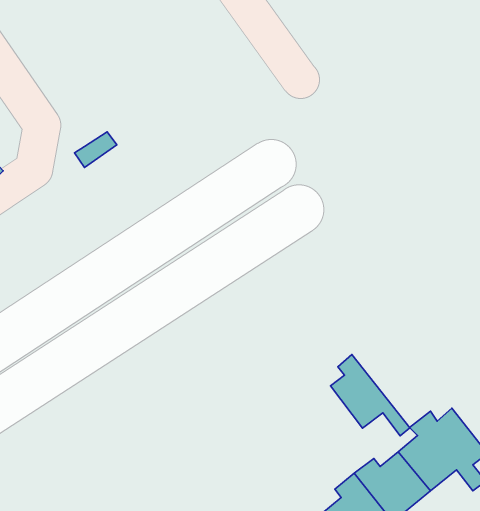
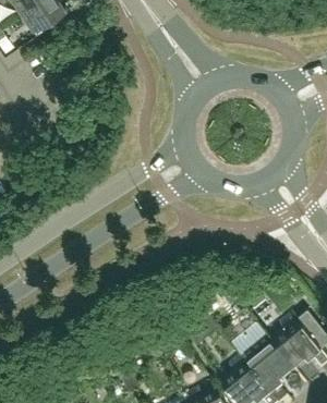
building: [330,355,410,436] -> none

